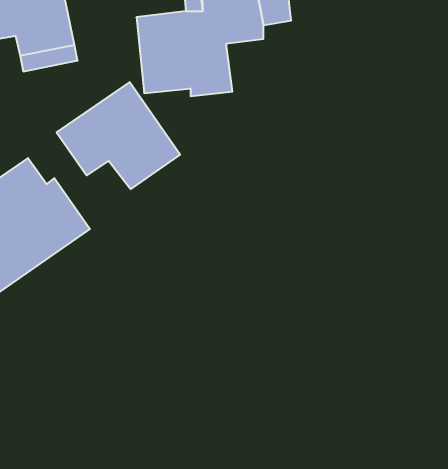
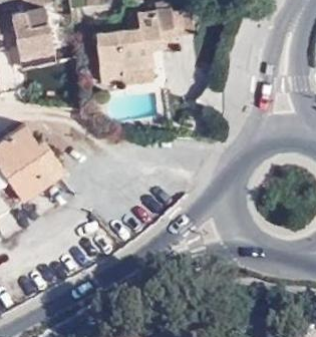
building: [57,82,180,189] -> none

